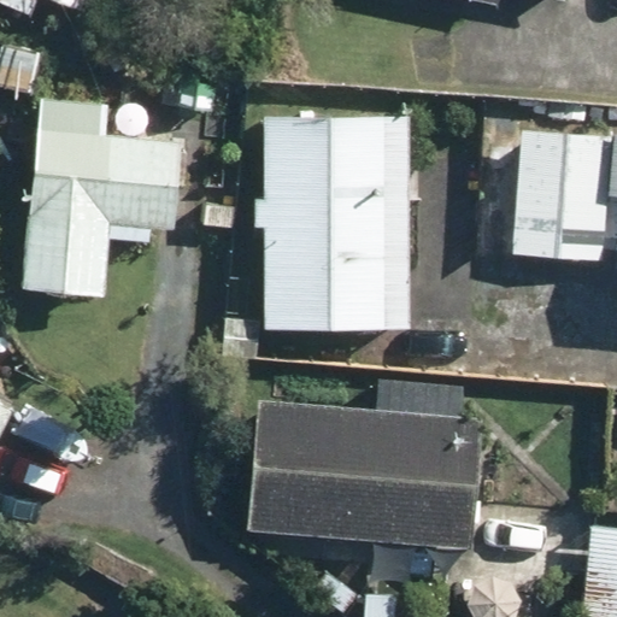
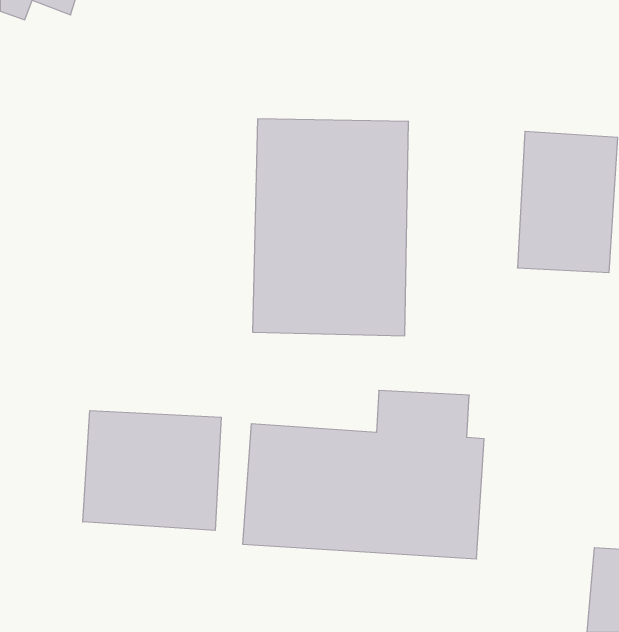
building: [20,96,177,298] -> none
building: none -> [83,411,221,530]

